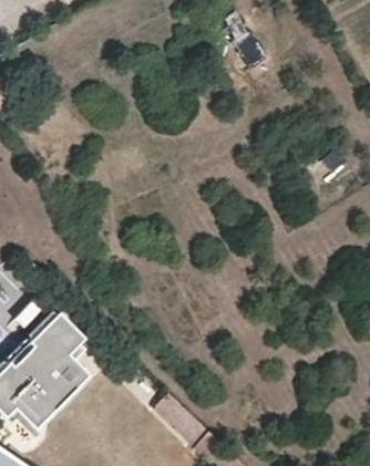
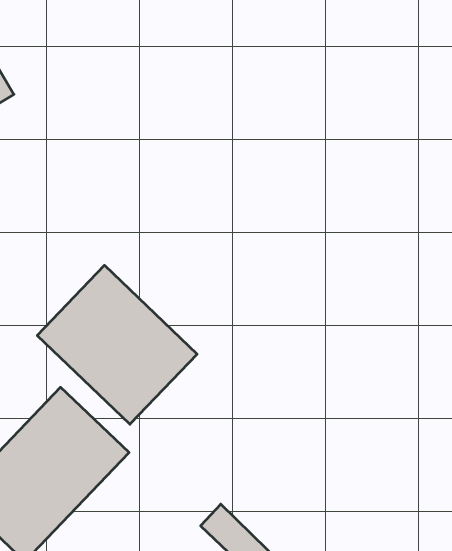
building: none -> [37,265,197,424]

